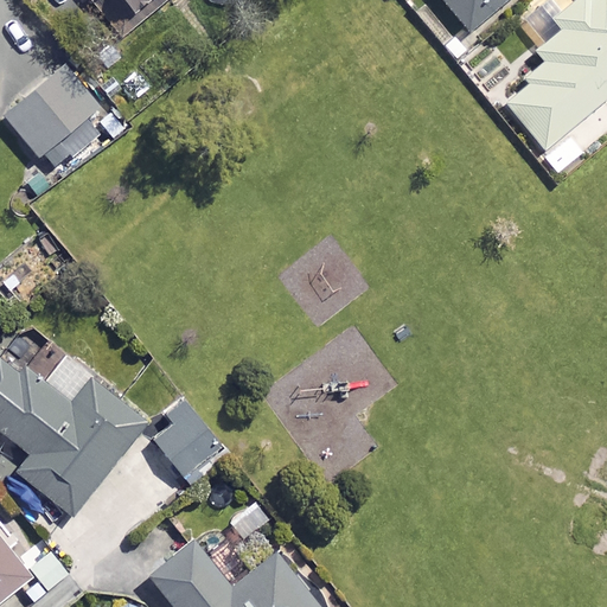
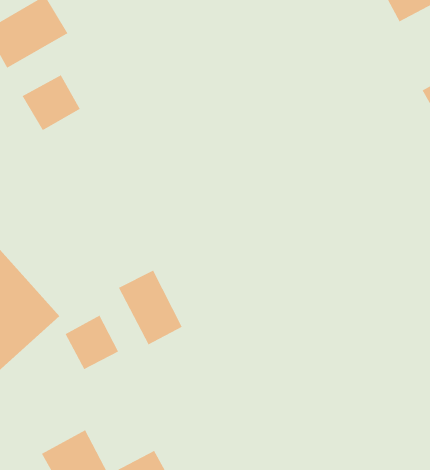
building: none -> [22,74,81,131]
building: none -> [118,270,183,346]

